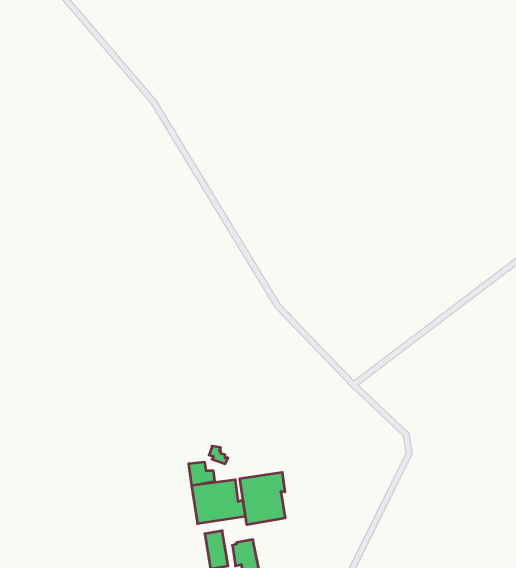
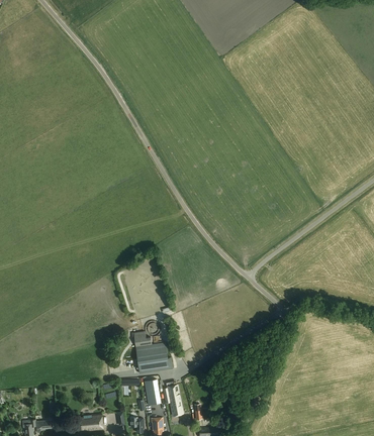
building: [240,472,285,525] -> none

